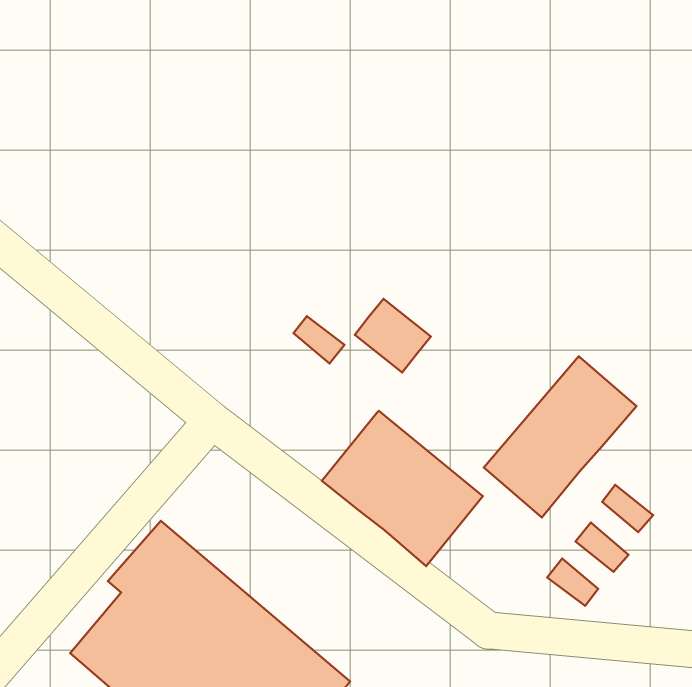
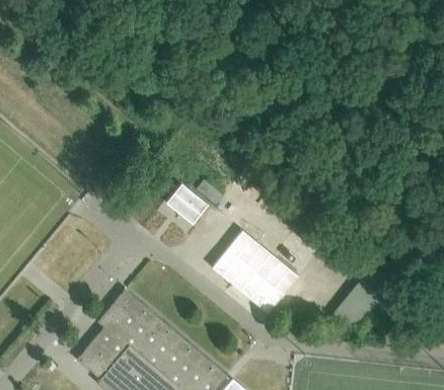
building: [355,299,431,373] -> [167,183,208,223]
building: [484,356,636,518] -> none

